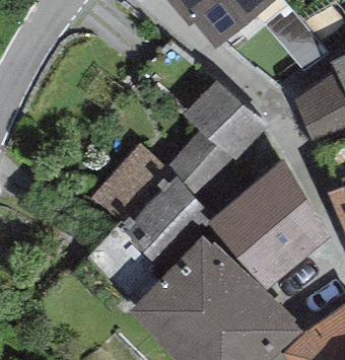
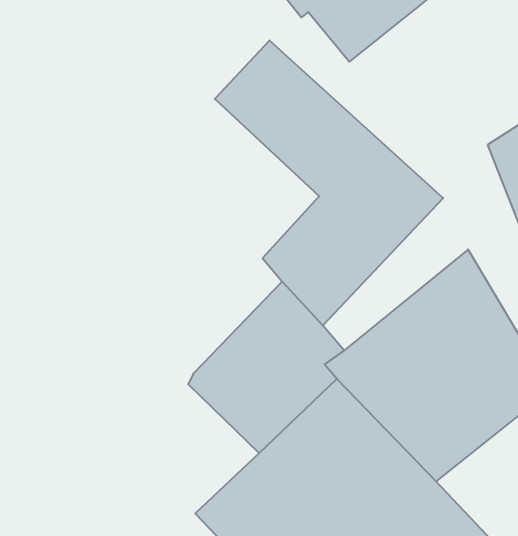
building: [90,143,177,230] -> none

